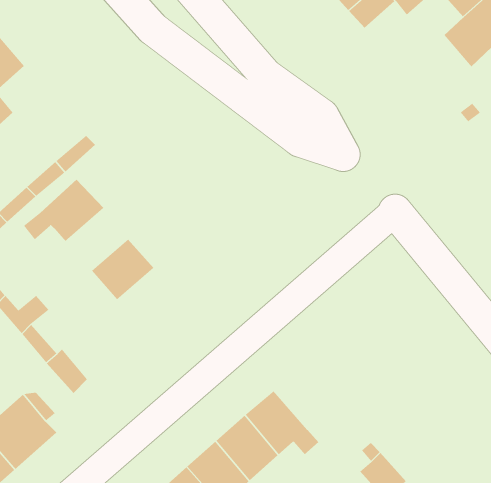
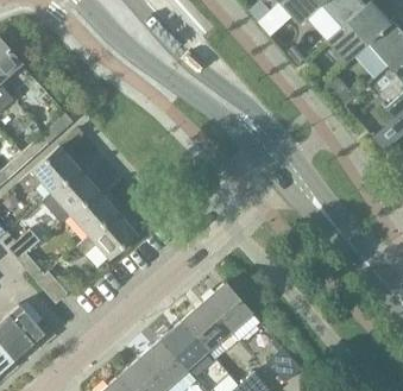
building: none -> [50,169,96,215]
building: none -> [75,213,136,259]
building: none -> [203,284,250,332]

